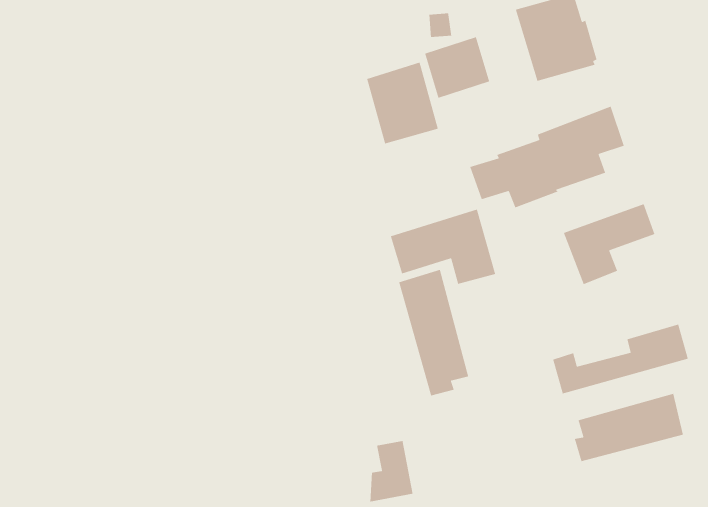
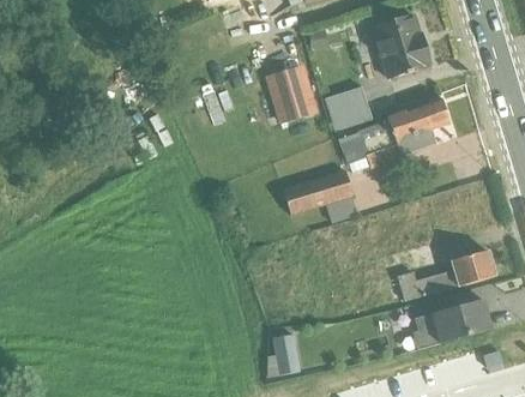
building: [424,36,490,99] -> [325,84,372,128]
building: [563,203,656,285] -> none
building: [398,269,469,396] -> none

